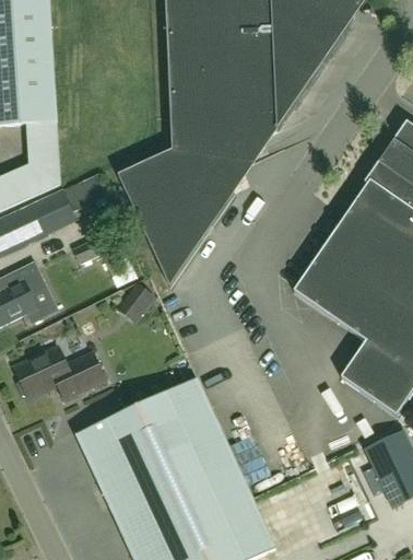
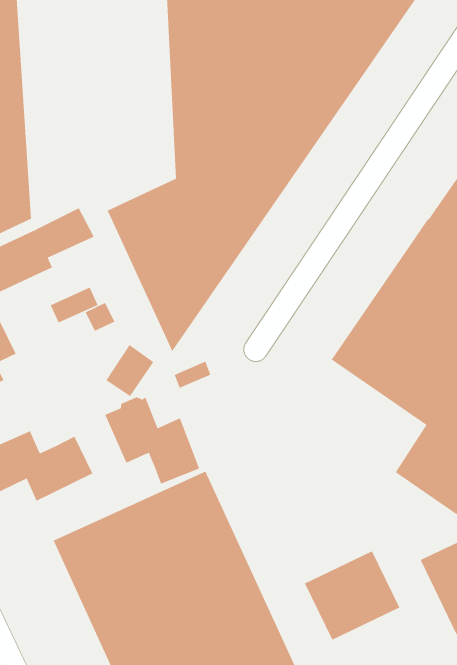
building: none -> [105,397,200,484]
building: none -> [304,551,400,641]

